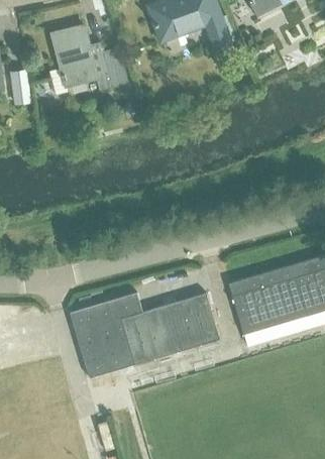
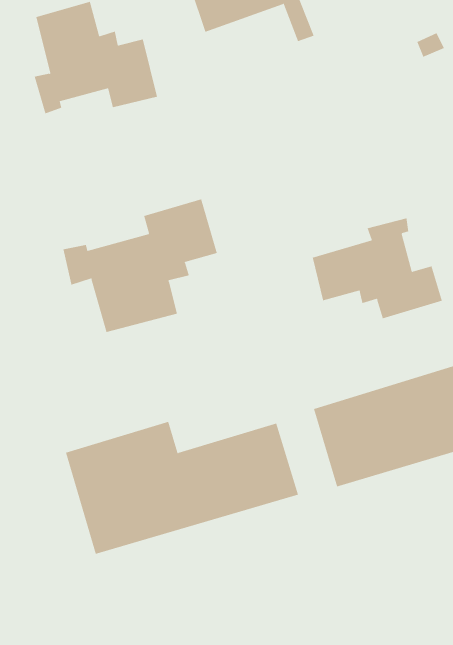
building: none -> [63,199,217,333]
building: none -> [312,217,443,319]

